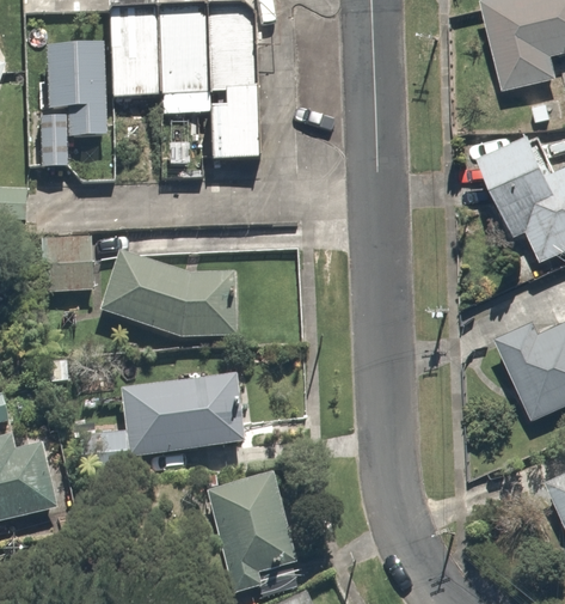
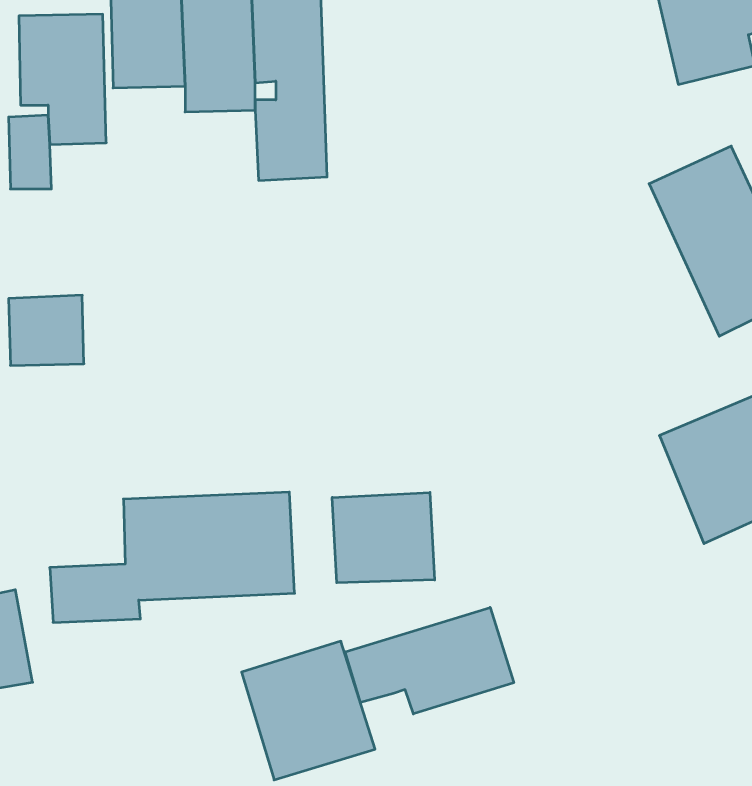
building: [99,255,240,340] -> none
building: none -> [332,492,435,583]
building: none -> [345,607,514,714]

